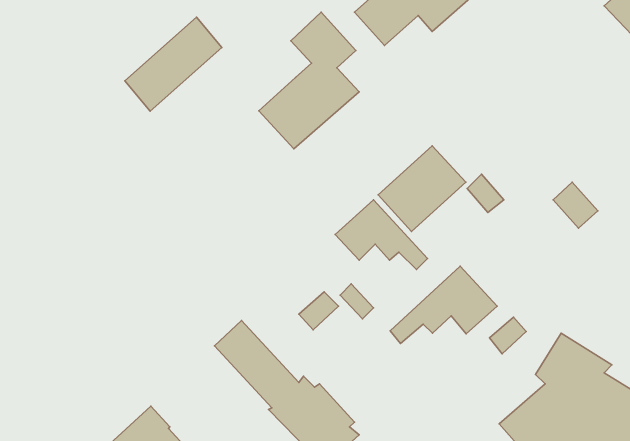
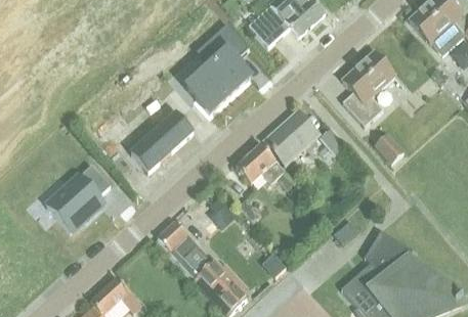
building: [125,17,222,111] -> [130,111,193,172]
building: none -> [341,51,394,126]
building: none -> [45,165,110,232]
building: [390,266,497,343] -> none

